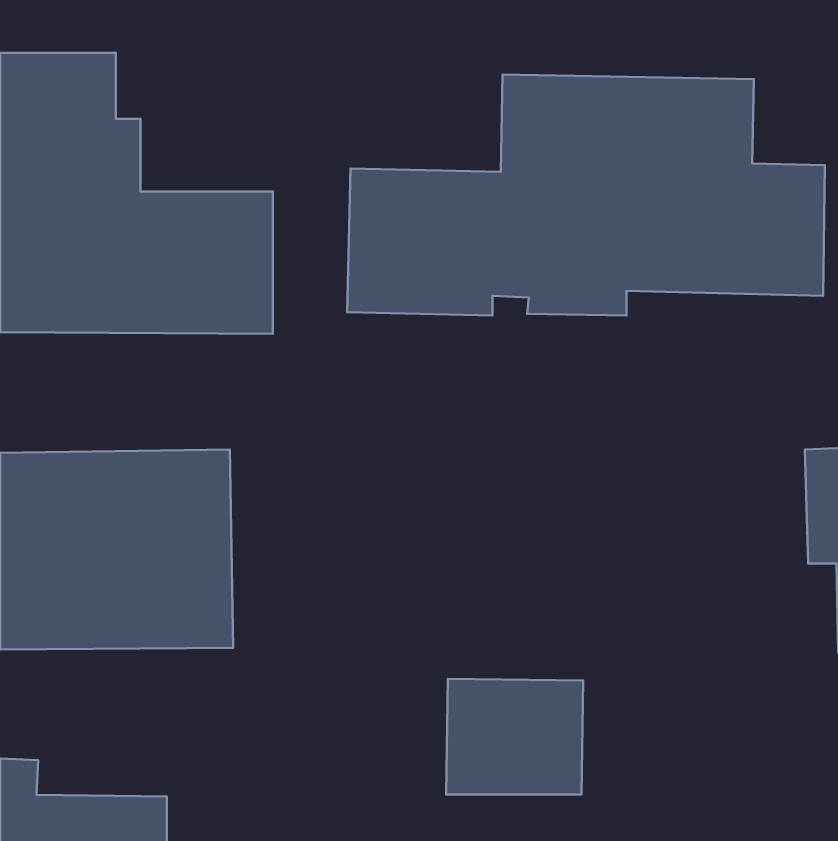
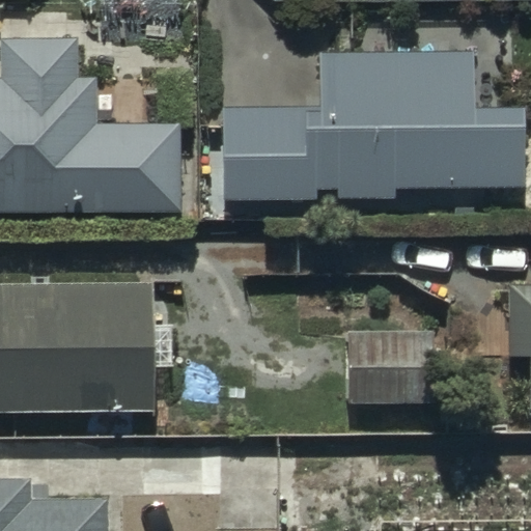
building: [446,679,583,794] -> [346,331,432,403]

